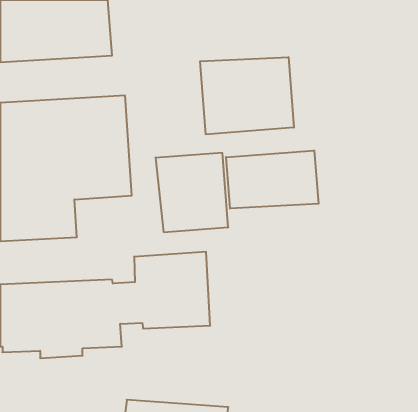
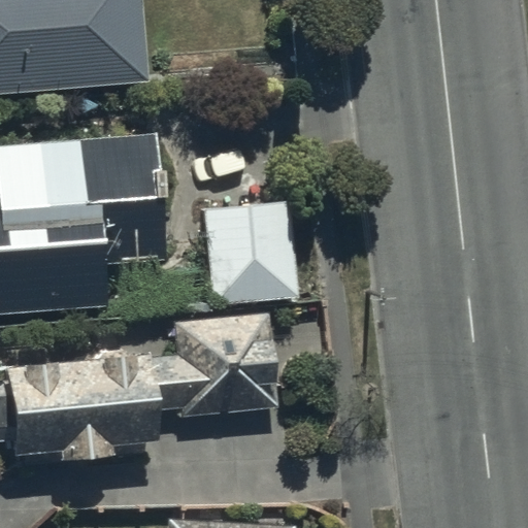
building: [200,57,294,134] -> none
building: [226,150,319,209] -> none

